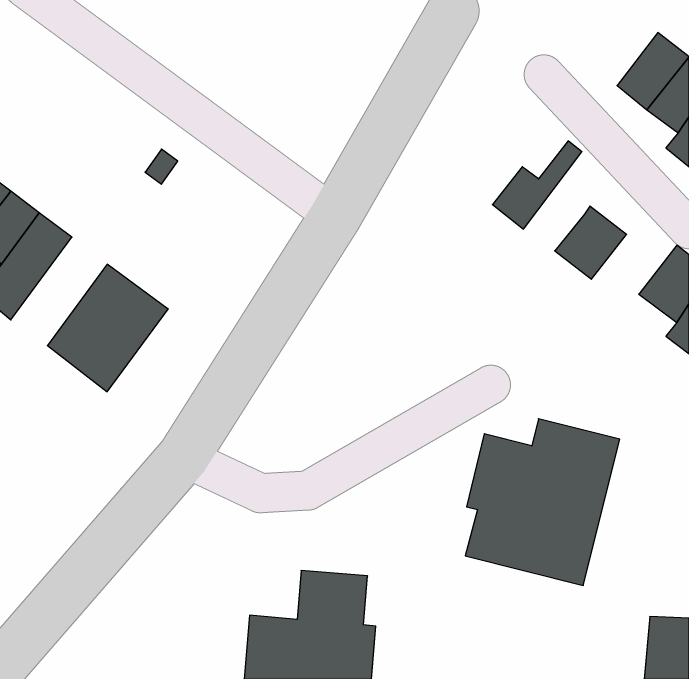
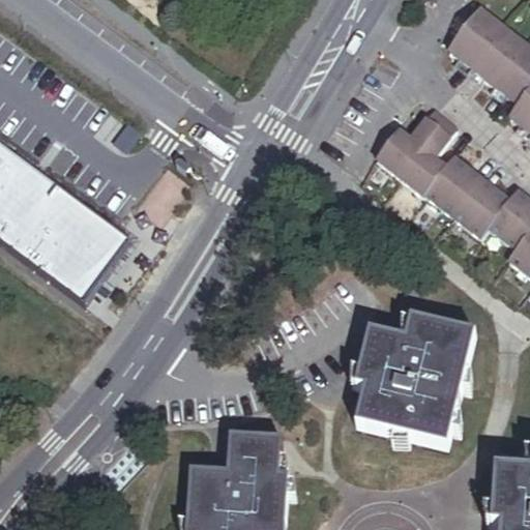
building: none -> [447,7,502,65]
building: none -> [400,116,457,193]
building: none -> [451,179,506,235]
building: none -> [8,181,82,264]

